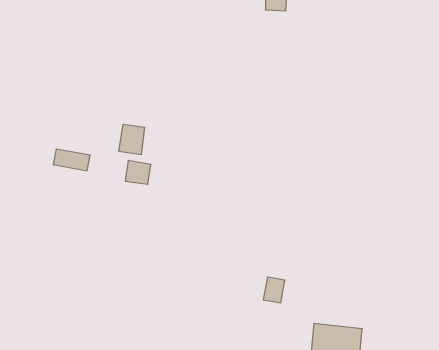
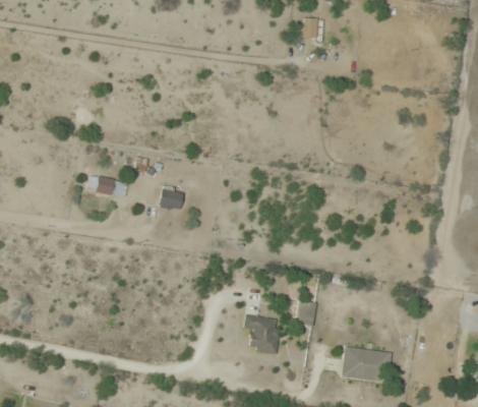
building: [119,124,145,155] -> none
building: none -> [242,314,279,353]

